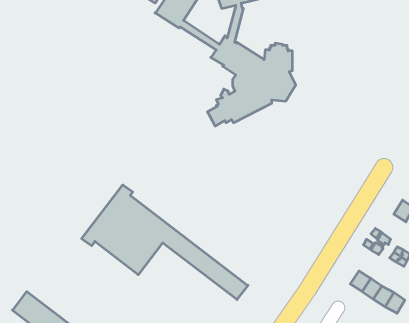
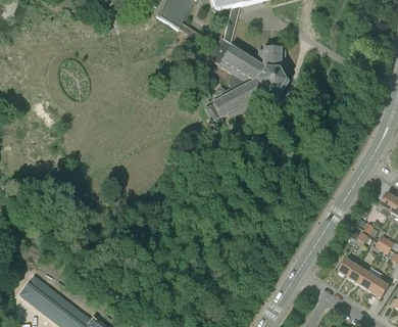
building: [82,185,248,300] -> none

